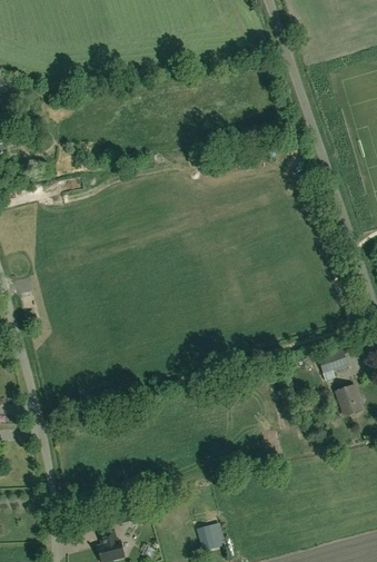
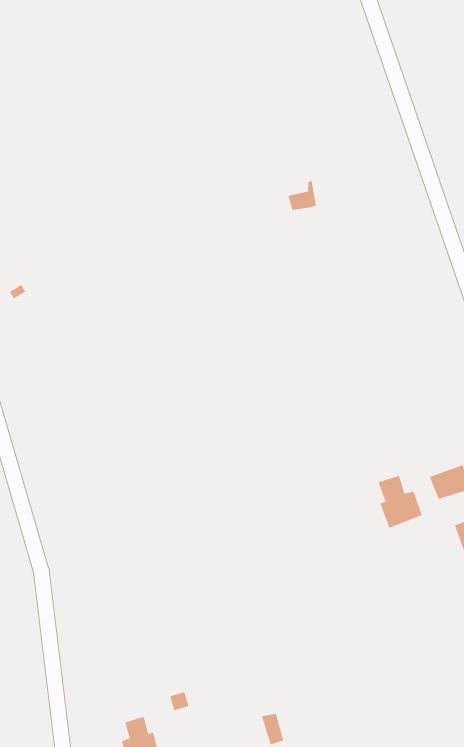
building: none -> [377,475,423,529]

